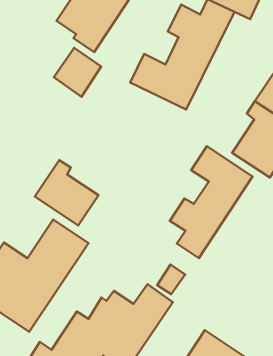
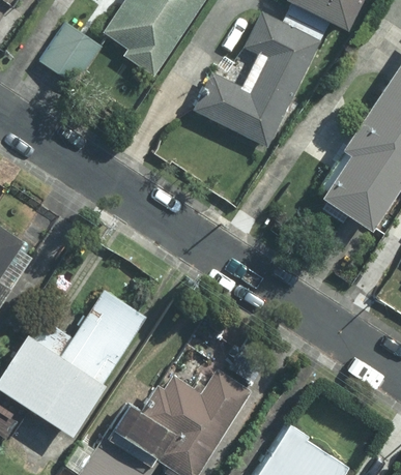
building: [54,48,101,97] -> [38,24,98,86]
building: [170,146,252,258] -> none
building: [35,160,99,226] -> none

